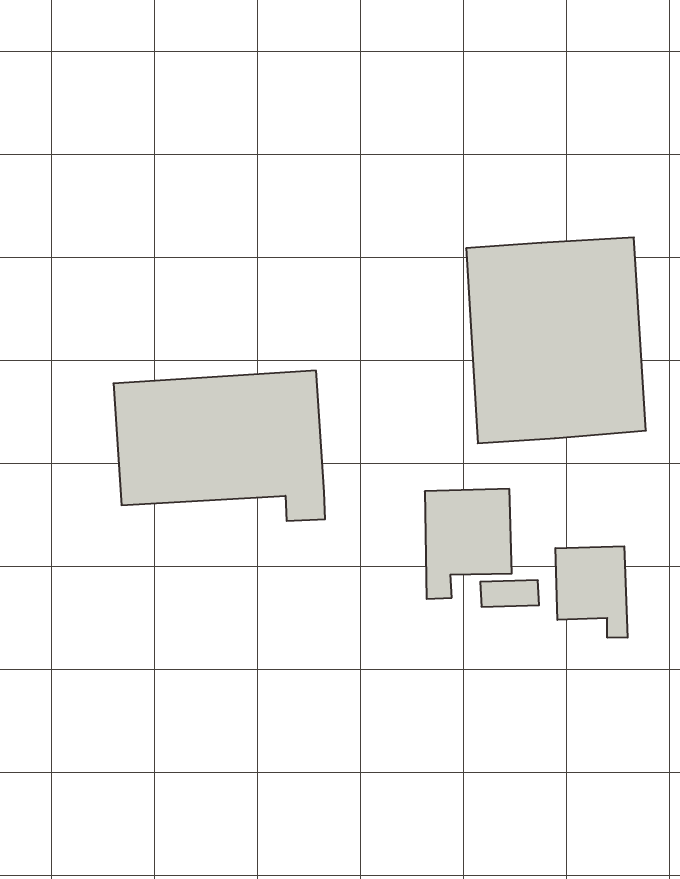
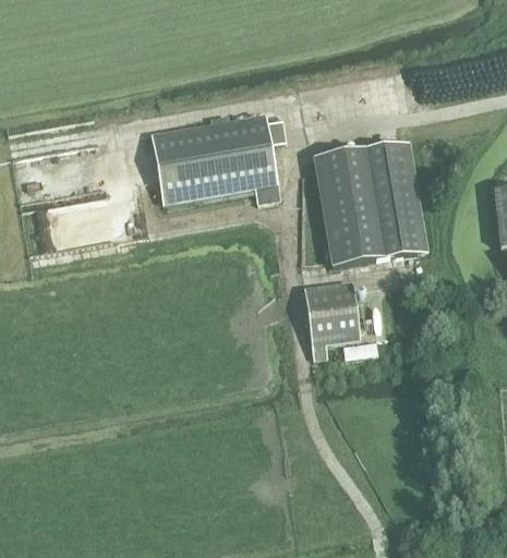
building: [113,371,325,521] -> [152,113,280,202]
building: [555,546,628,638] -> none

